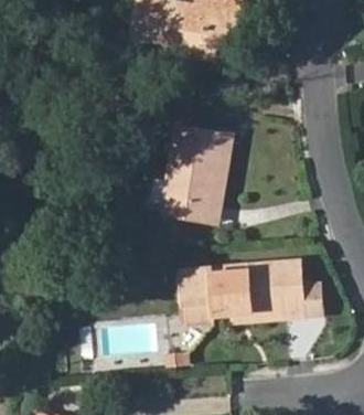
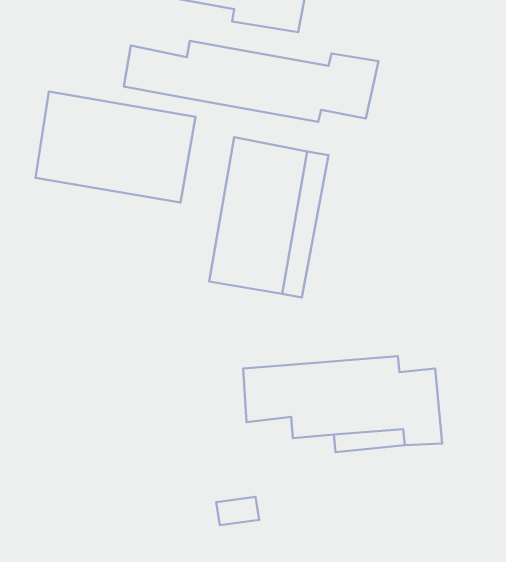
building: none -> [124,41,378,122]
building: none -> [35,91,195,203]

